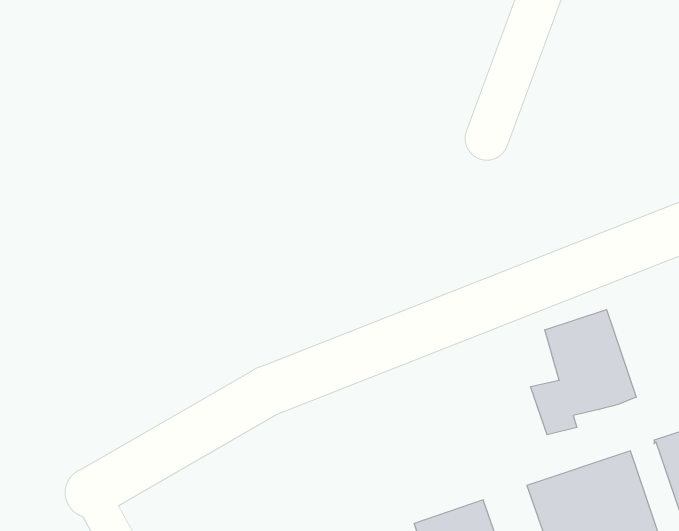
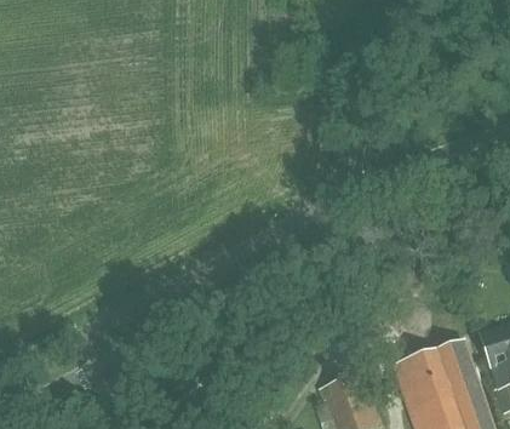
building: [530,310,636,435] -> none

